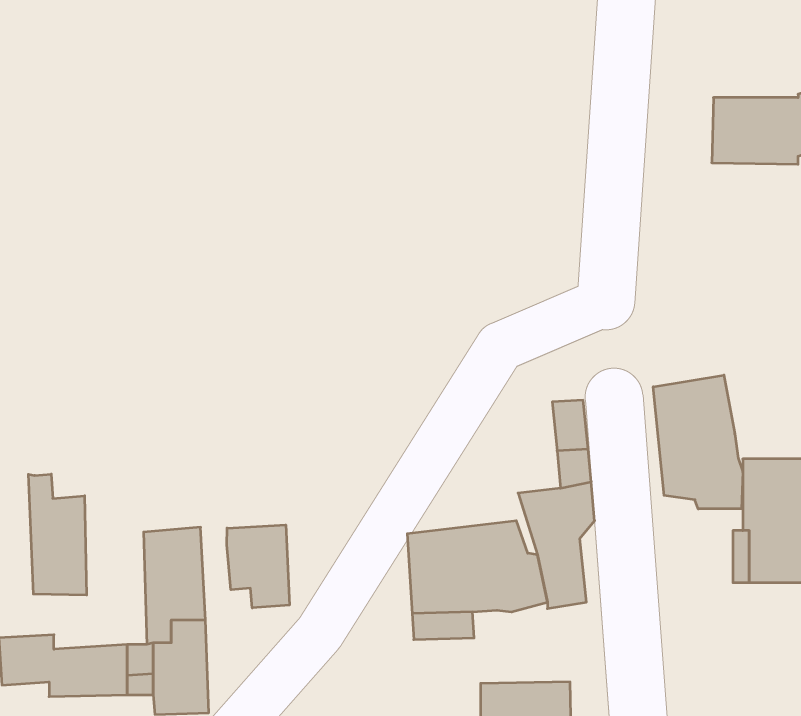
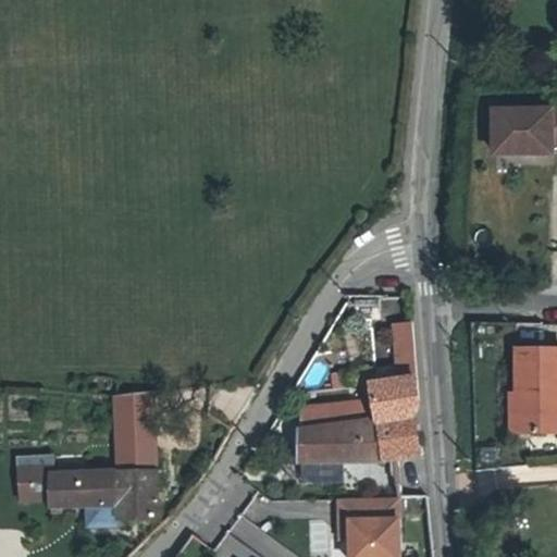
building: [653,375,743,509] -> none
building: [28,474,87,595] -> none
building: [227,525,289,608] -> none

